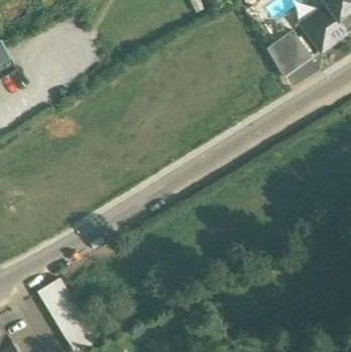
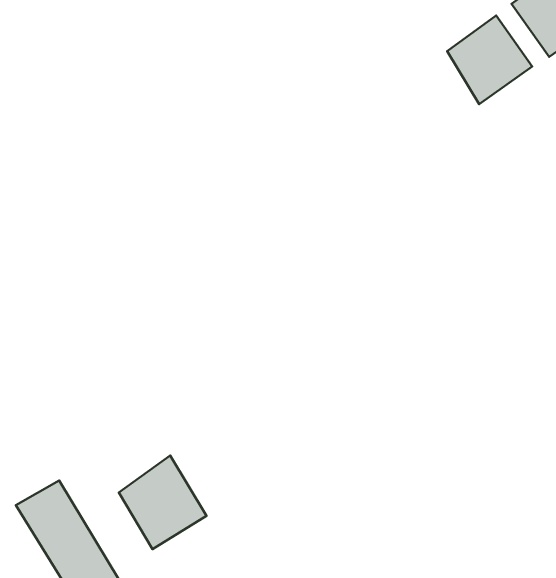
building: none -> [119,456,207,549]

